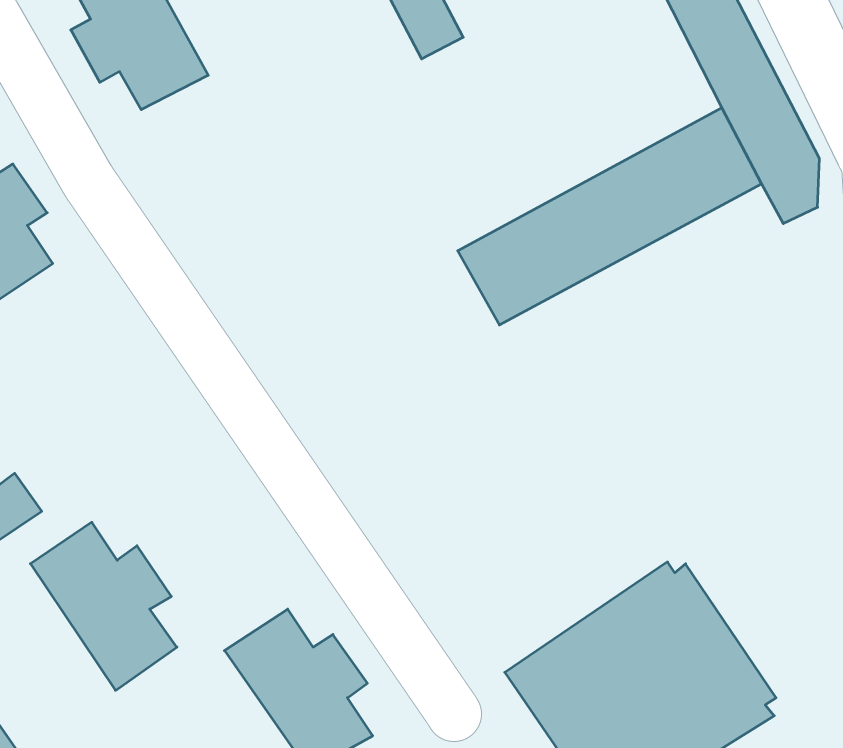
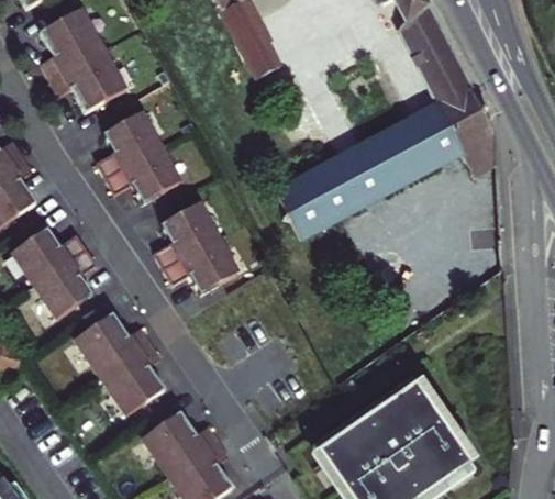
building: none -> [99,110,180,201]
building: none -> [156,200,238,291]
building: none -> [11,228,93,315]
building: [30,522,177,690] -> [71,312,160,414]

